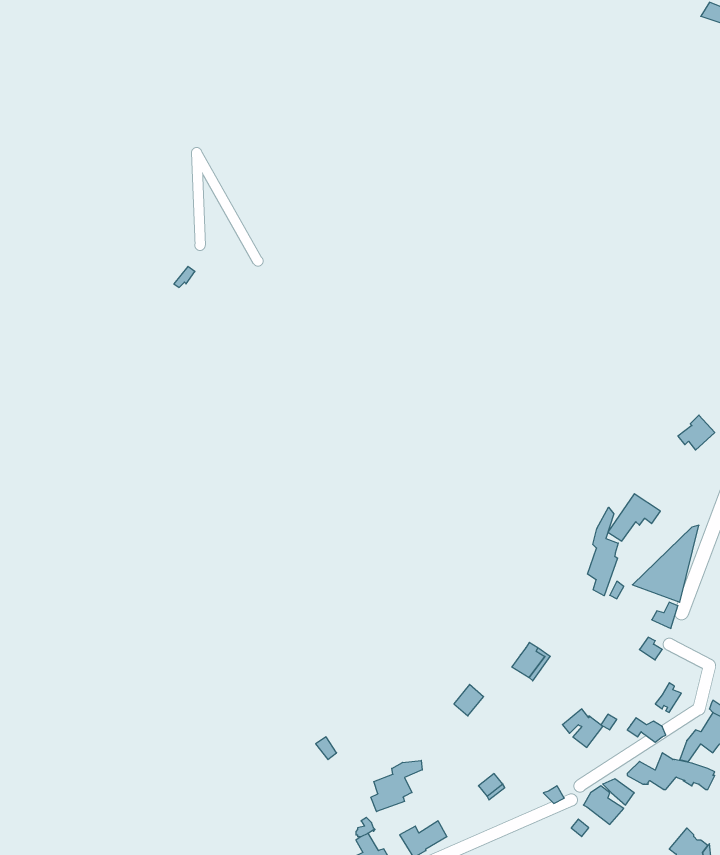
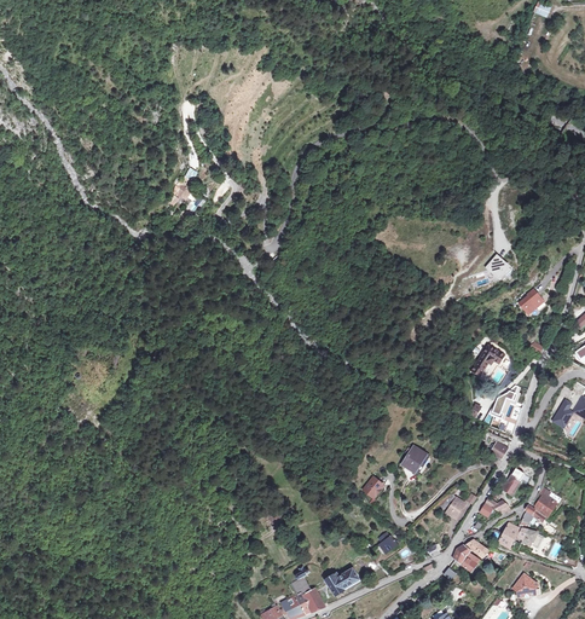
building: [587,507,618,596] -> none
building: [371,760,422,812] -> none

